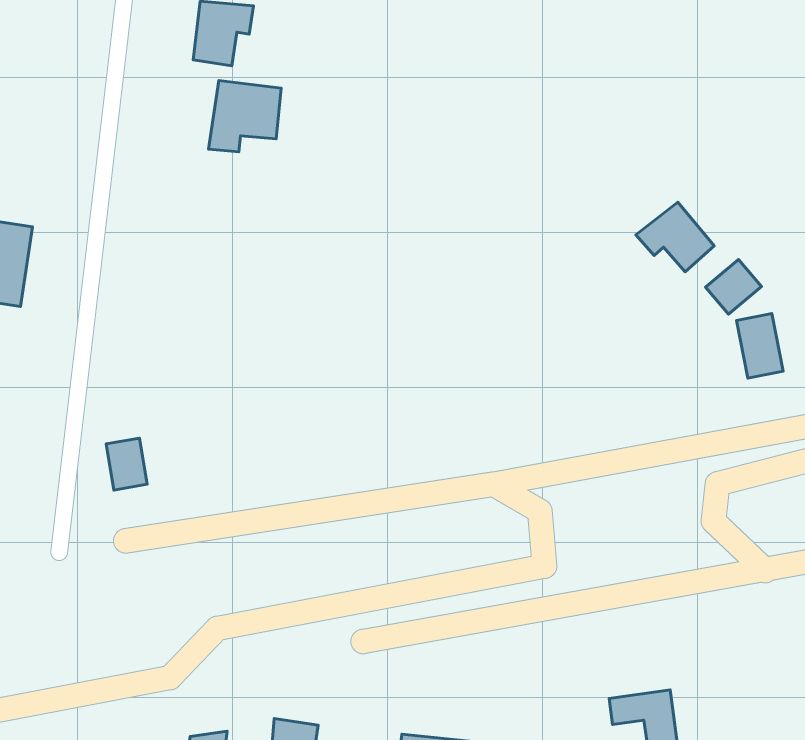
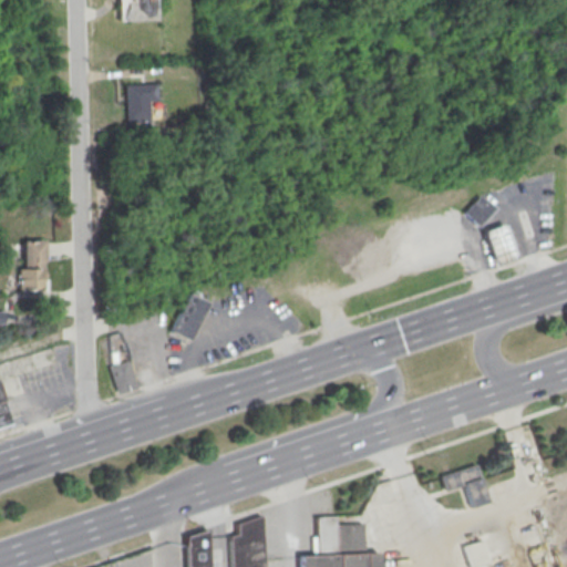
building: [209,81,281,152] -> none
building: [636,202,714,272] -> none
building: none -> [172,296,210,343]

